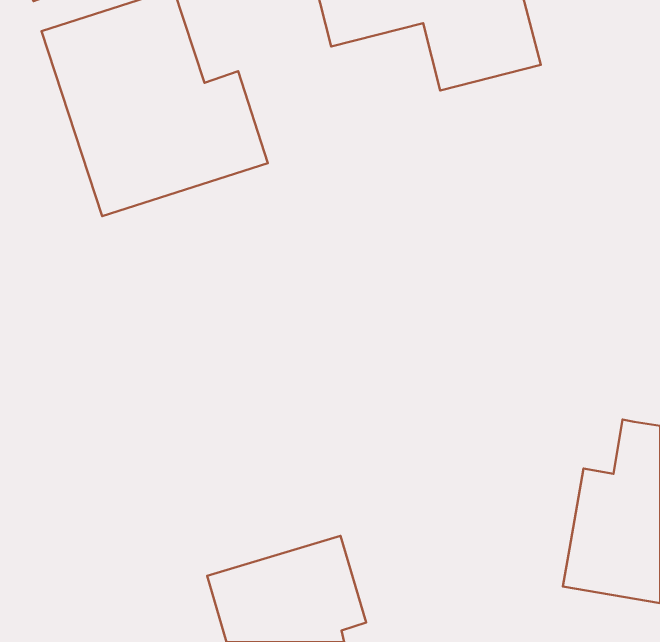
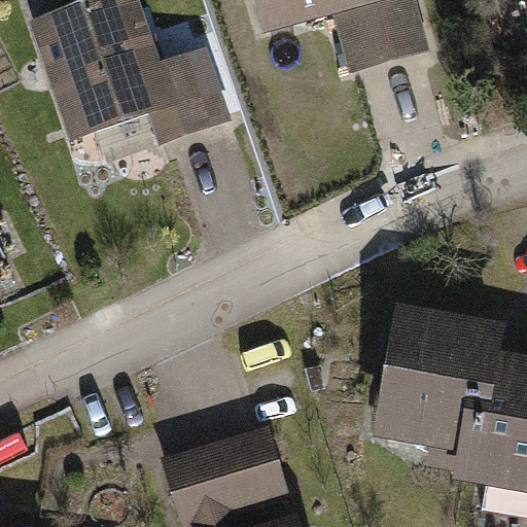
building: none -> [367,289,499,436]

